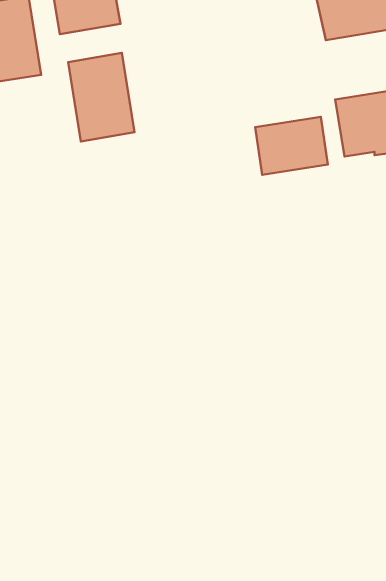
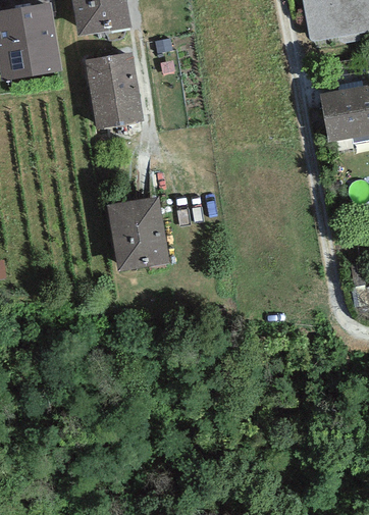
building: [255,117,328,175] -> none
building: none -> [106,196,170,271]

